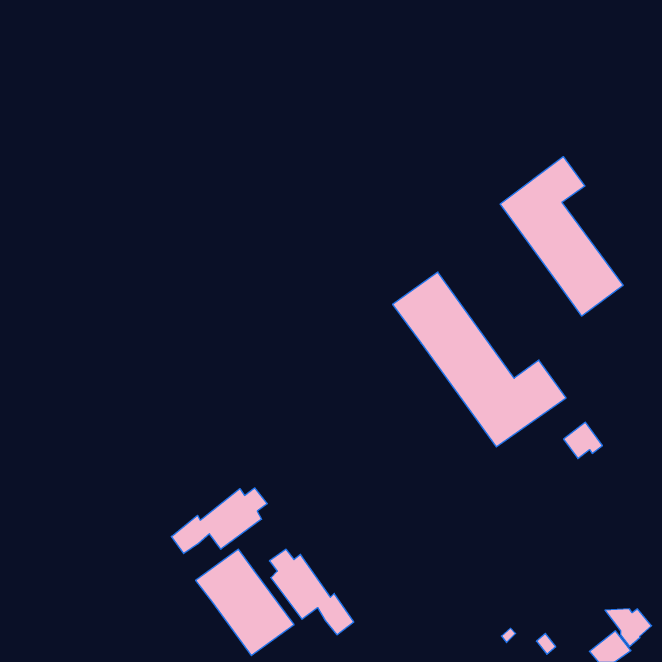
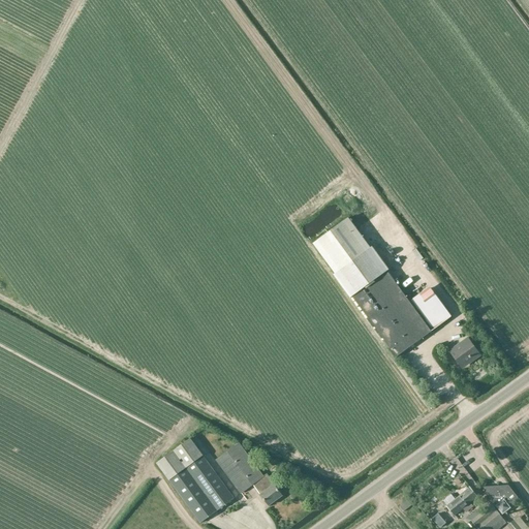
building: [500,157,623,316] -> none
building: [171,488,267,554] -> none
building: none -> [446,487,477,517]

